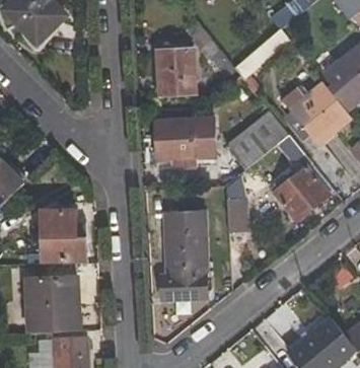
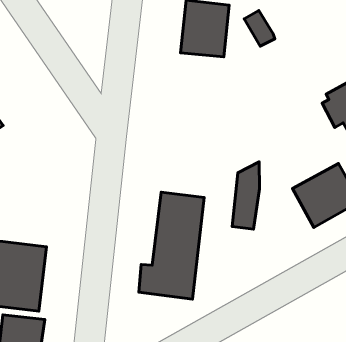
building: [226,109,289,170] -> none
building: [155,118,215,168] -> none
building: [39,209,86,262] -> none

